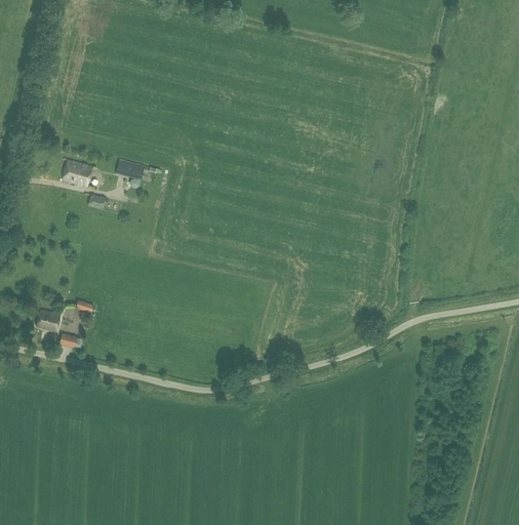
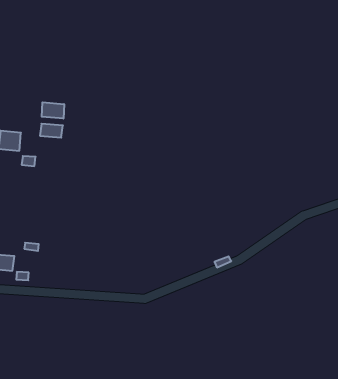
building: none -> [42,102,64,119]

